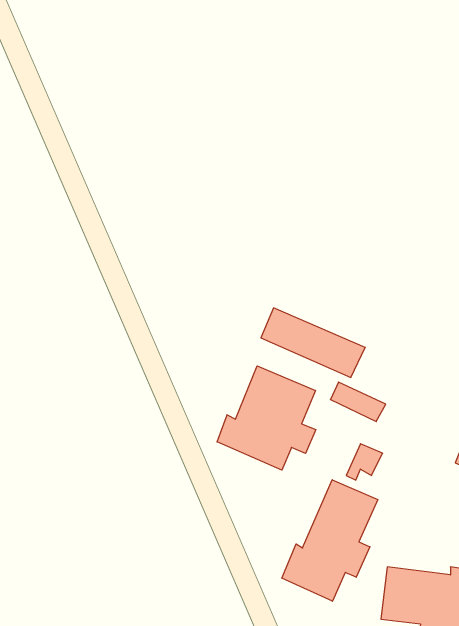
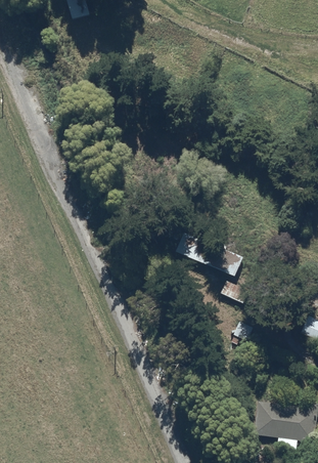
building: [217,366,316,470] -> none
building: [282,480,378,601] -> none

